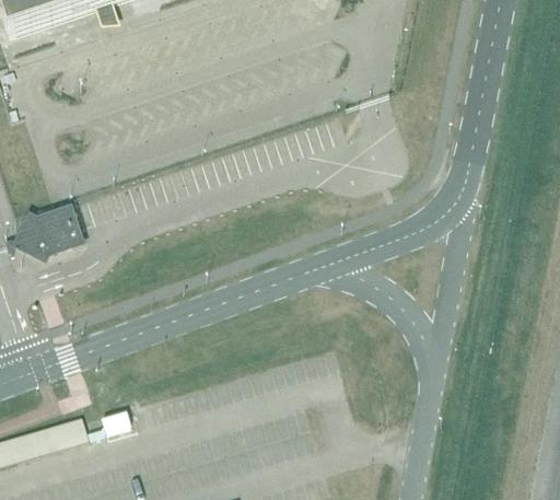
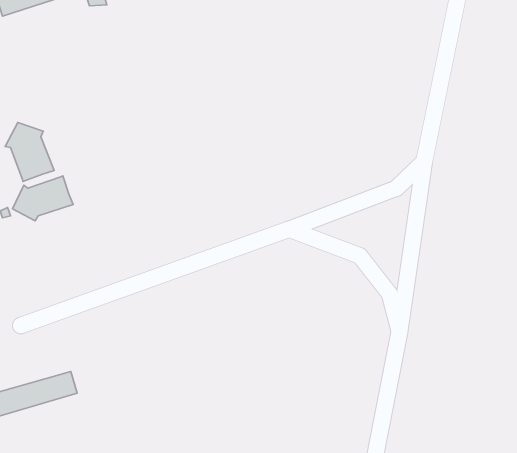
building: none -> [5,122,54,182]

